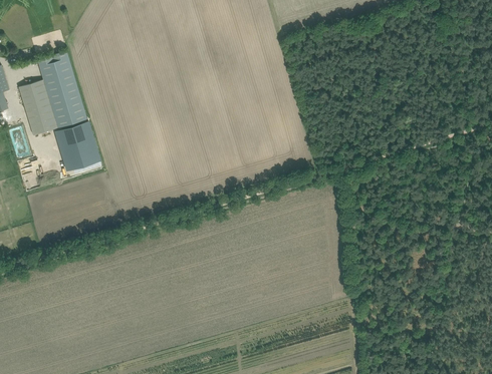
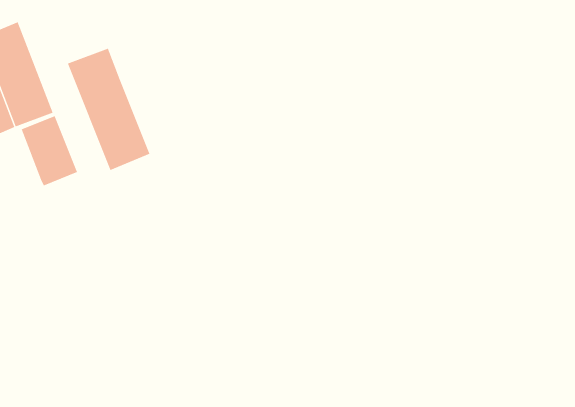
building: none -> [67,48,150,171]

